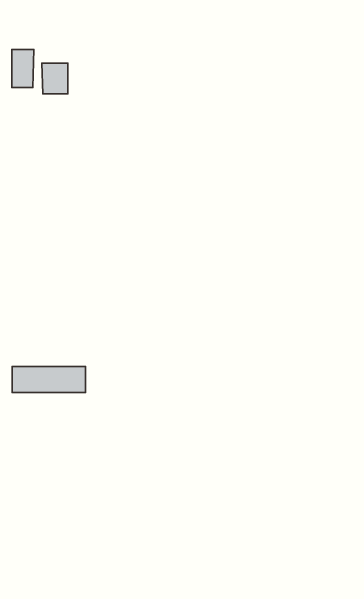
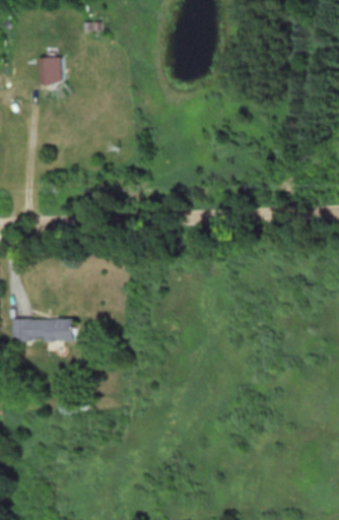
building: [12,50,34,88] -> none

